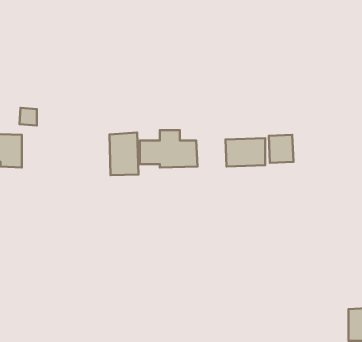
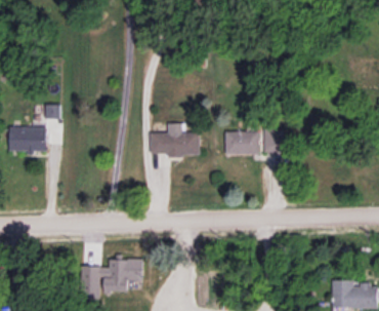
building: [109,133,139,175] -> none
building: none -> [89,259,141,295]

